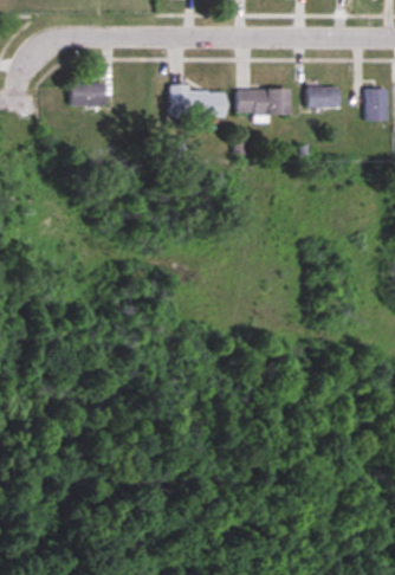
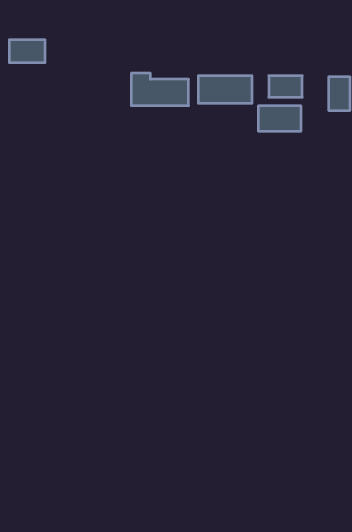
building: [72,83,108,105] -> [9,40,45,63]
building: none -> [259,106,301,131]

